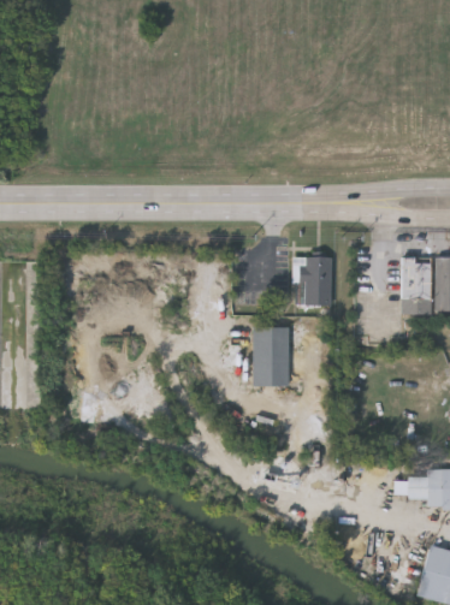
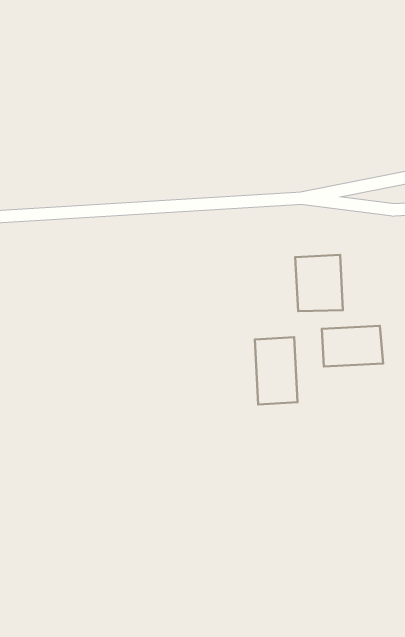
building: none -> [322,326,383,367]

